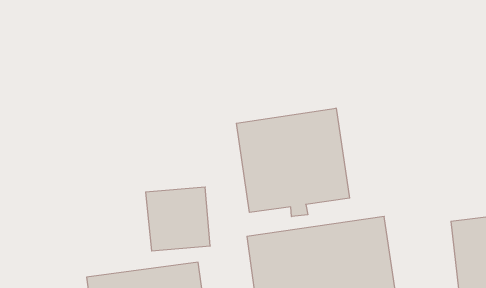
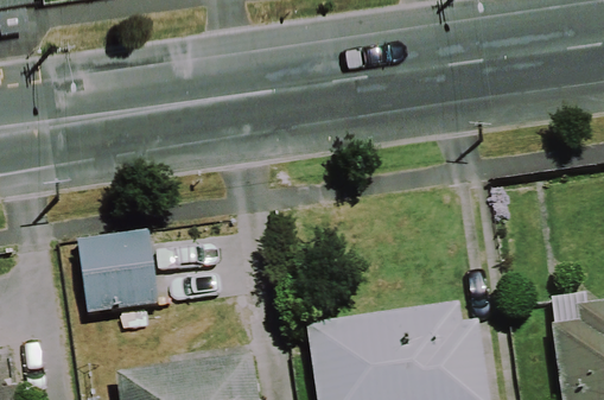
building: [236,108,350,217] -> none
building: [146,187,210,251] -> [80,235,157,311]

